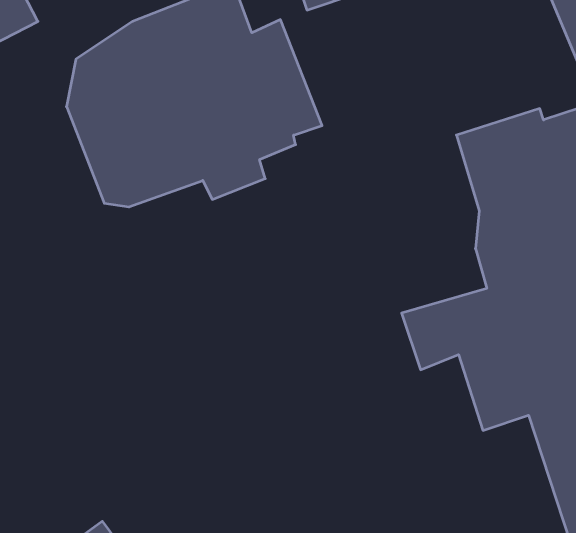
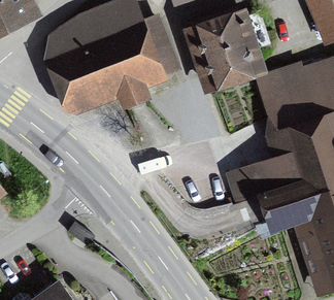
building: none -> [181,7,268,96]

